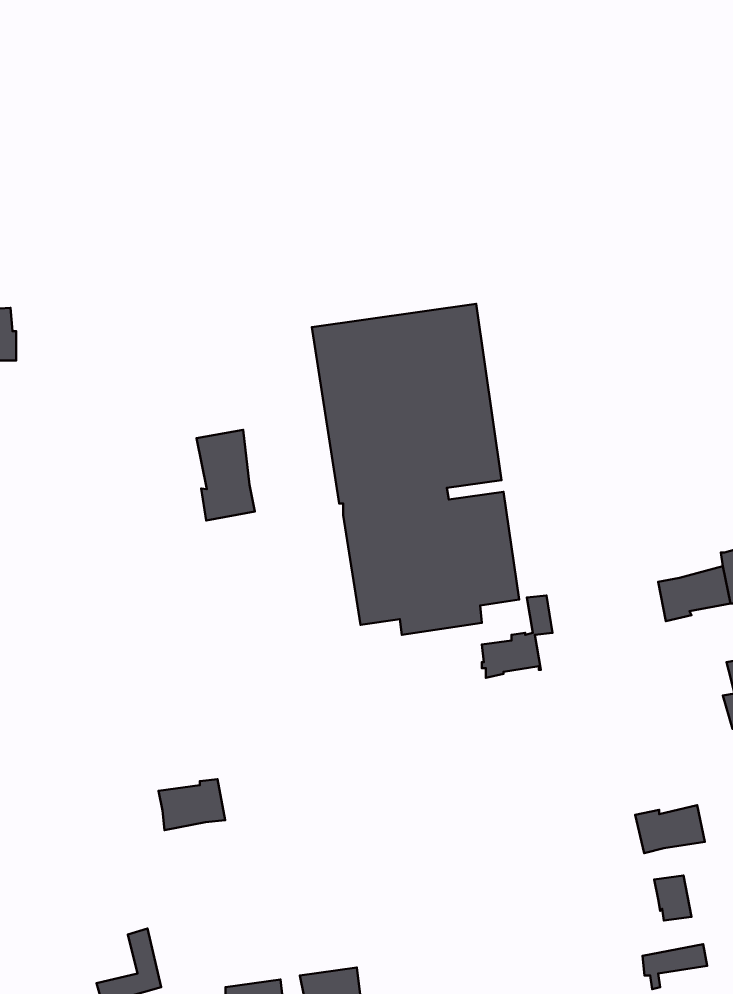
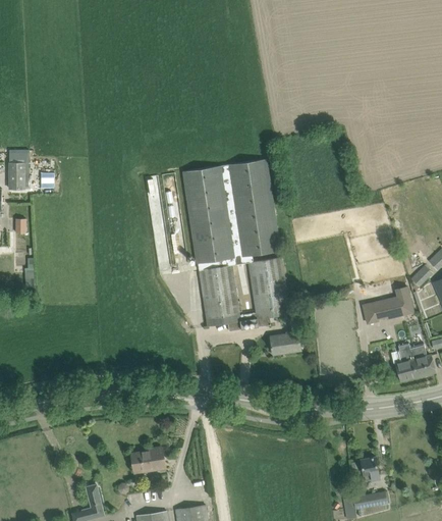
building: [197,430,255,521] -> none
building: [159,779,225,830] -> [130,447,165,473]
building: [635,805,705,853] -> none

